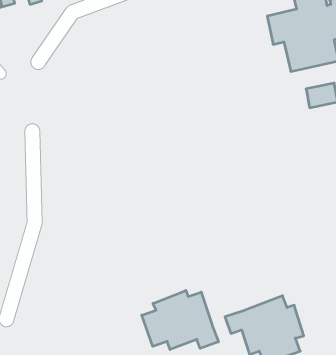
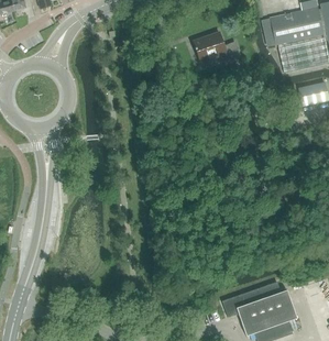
building: none -> [193,32,239,62]
building: [142,290,218,350] -> none

